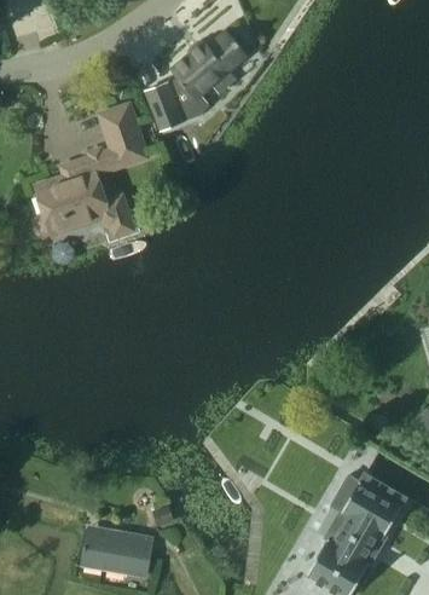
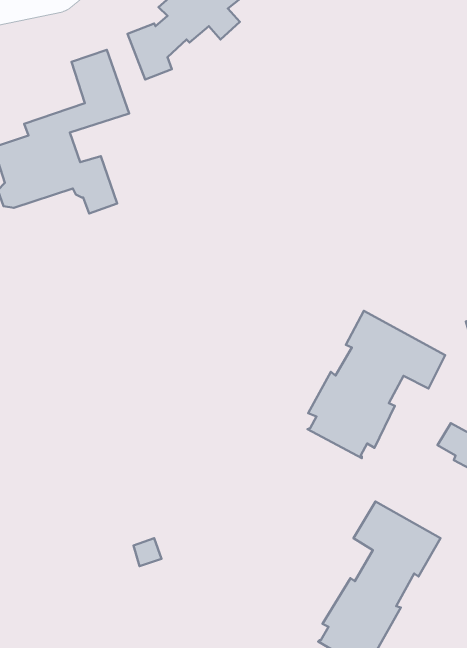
building: none -> [307,311,445,458]
building: [83,525,152,574] -> none

